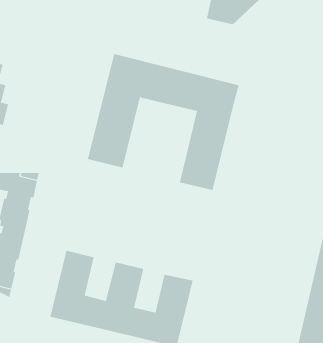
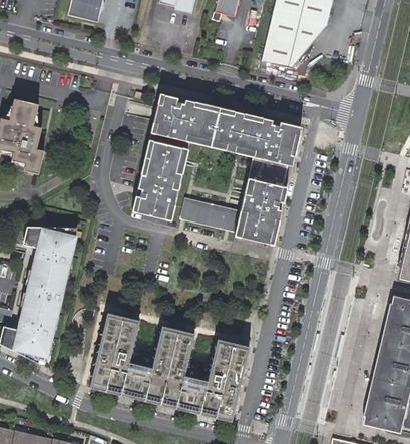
building: none -> [180,197,239,232]

